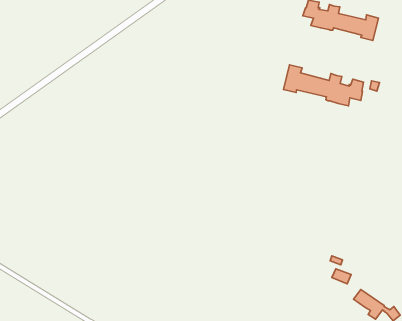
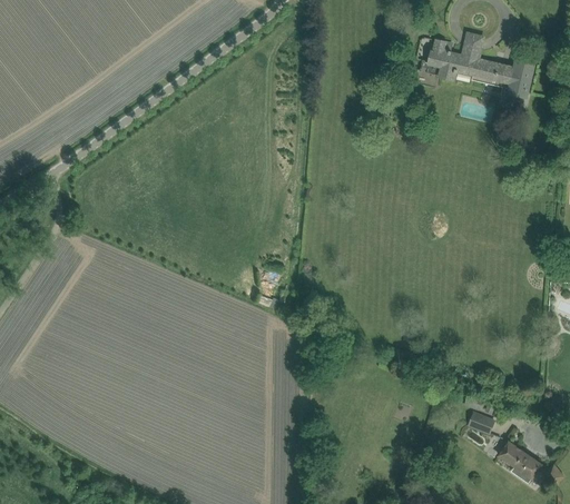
building: [283,65,364,106] -> none

